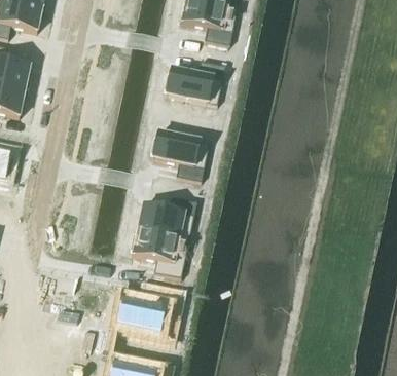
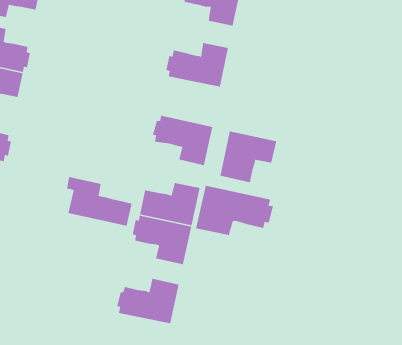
building: none -> [219,130,277,183]
building: none -> [66,176,132,227]
building: none -> [195,185,274,236]

